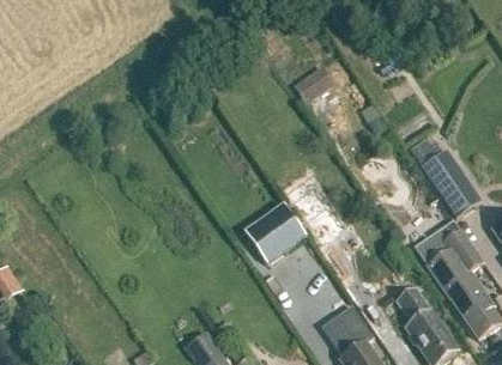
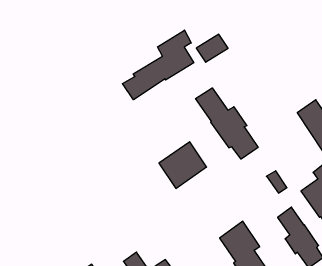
building: none -> [122,30,194,100]
building: none -> [196,88,258,159]

